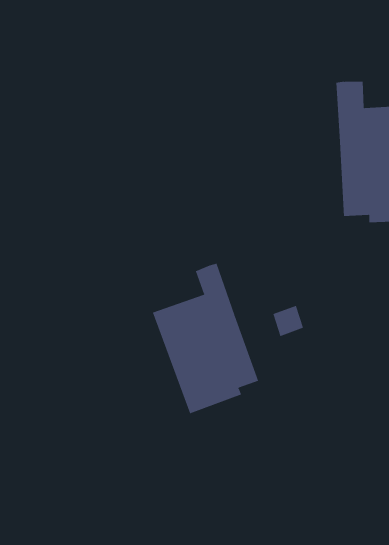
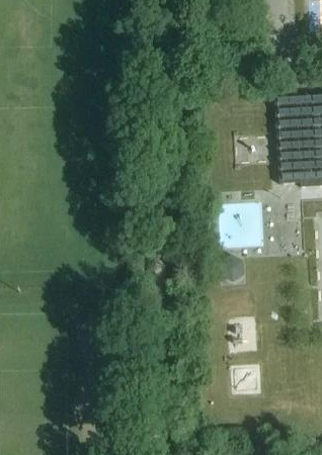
building: [152,263,259,414] -> none

